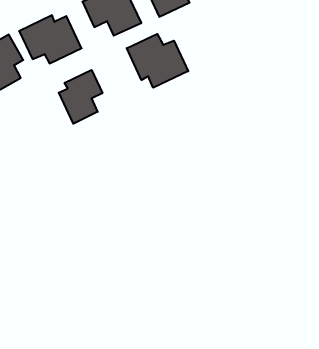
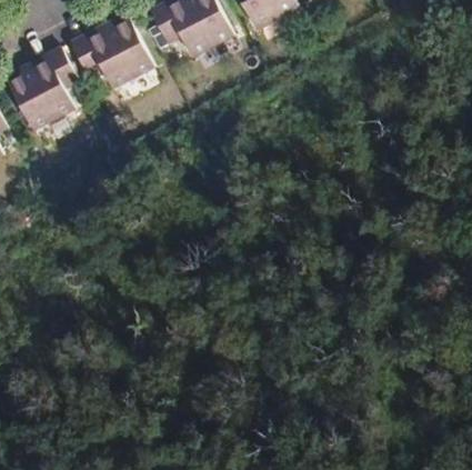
building: [127,34,188,88] -> none
building: [59,70,102,124] -> none

